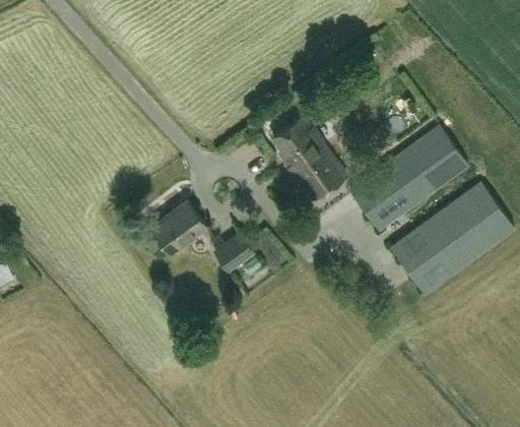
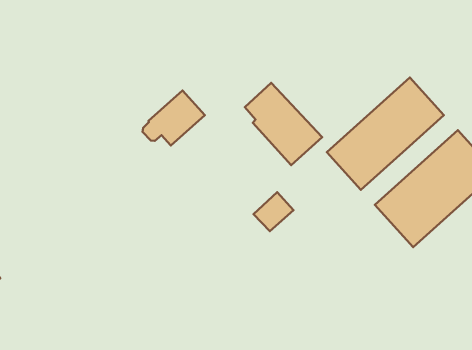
building: [144,202,207,255] -> [143,91,205,145]
building: [214,234,254,271] -> [254,192,293,231]

